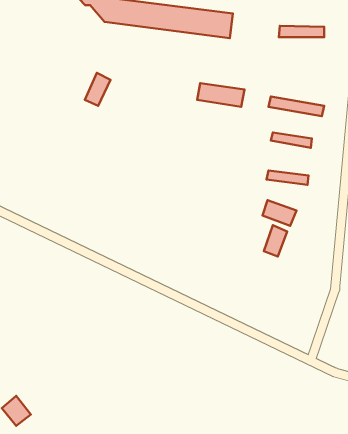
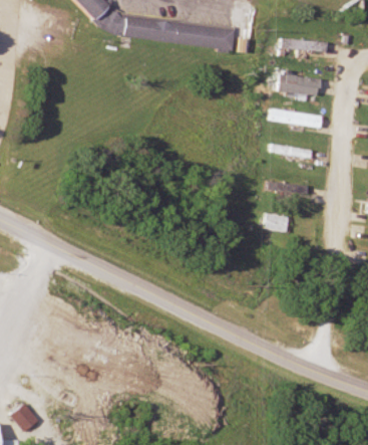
building: [85,73,110,106] -> none
building: [197,83,244,107] -> [277,73,323,96]
building: [264,225,287,256] -> none

